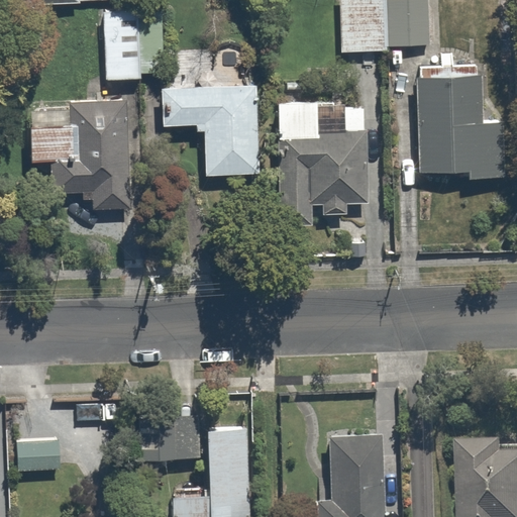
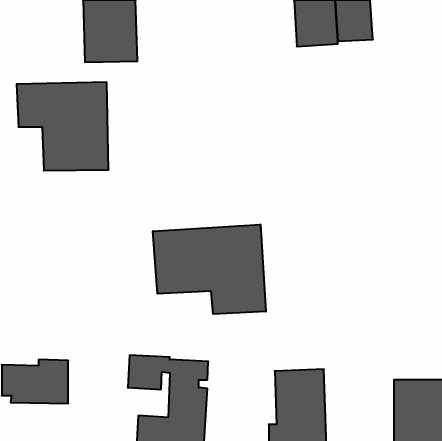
building: [157,82,261,171] -> none
building: [423,84,511,186] -> none
building: [274,93,369,224] -> none
building: none -> [153,224,266,314]

